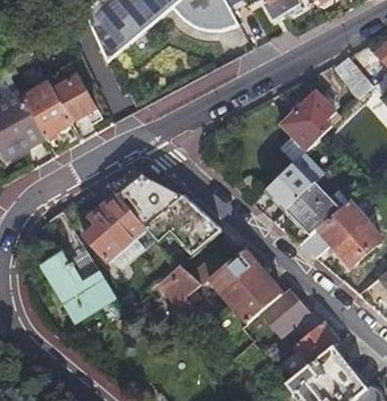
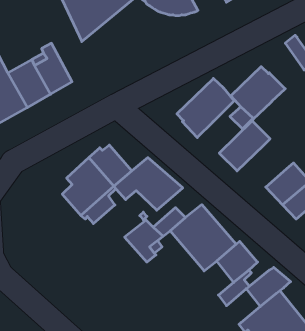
building: none -> [177,78,235,138]
building: [282,180,341,235] -> none
building: [38,252,113,320] -> none

